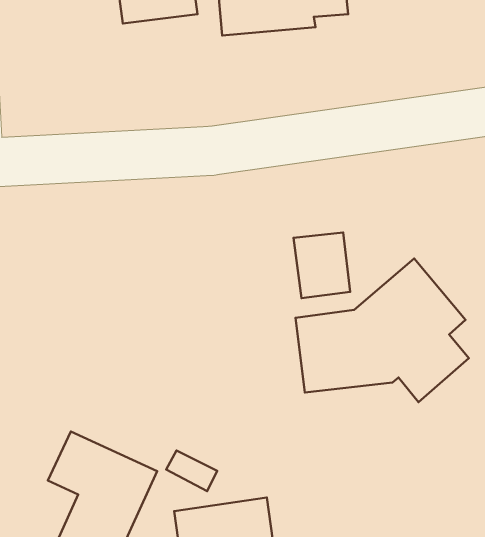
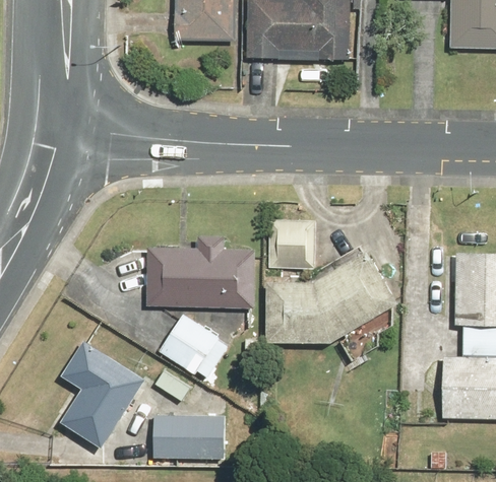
building: none -> [144,234,257,309]
building: none -> [157,313,229,382]

